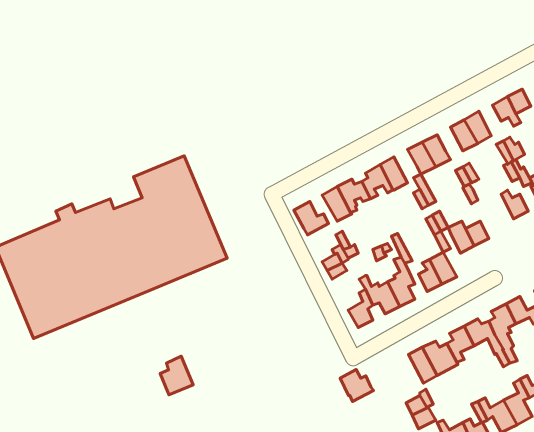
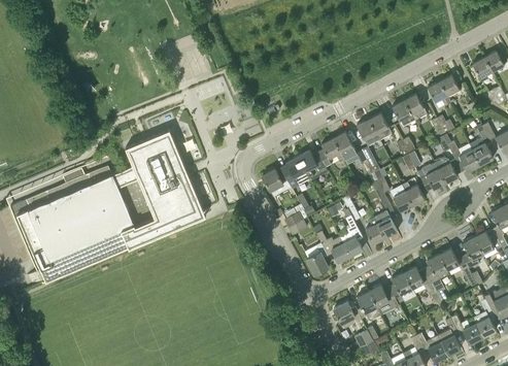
building: none -> [417,163,445,191]
building: [160,356,193,395] -> none
building: [340,370,373,402] -> [334,302,362,329]

